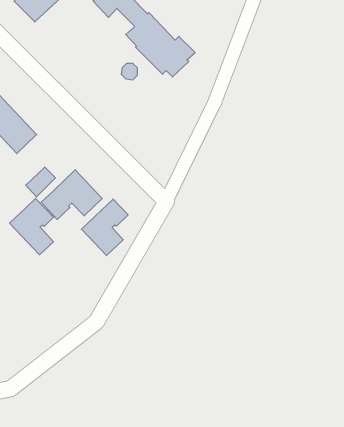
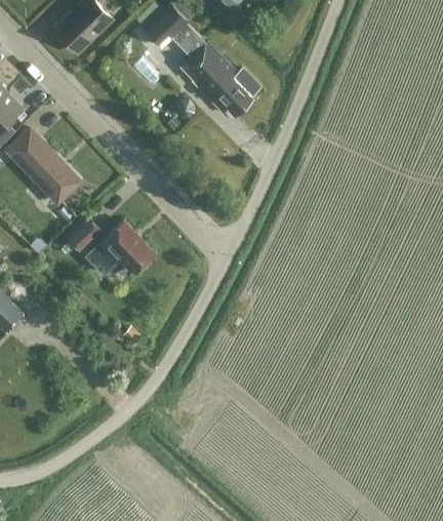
building: [10,198,54,255] -> none
building: [81,199,128,256] -> none

